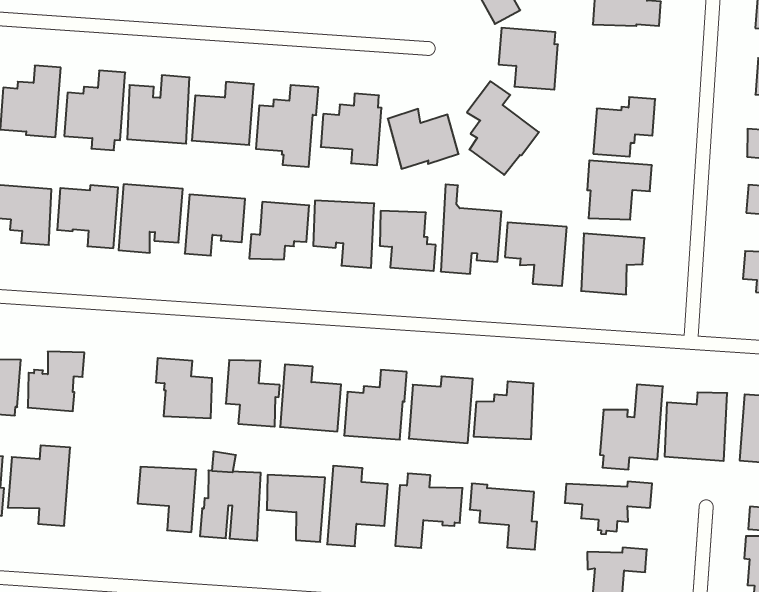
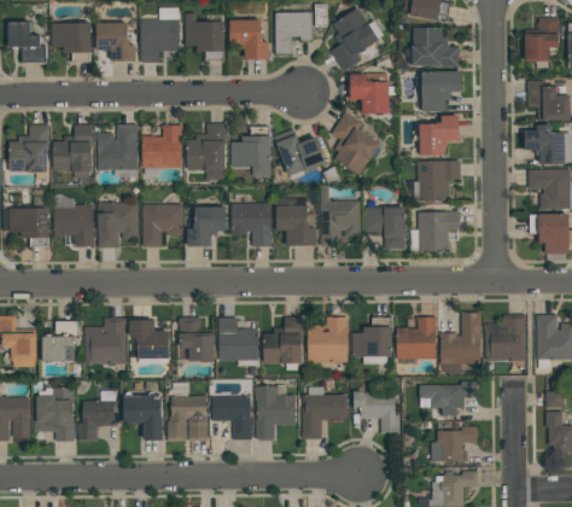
building: none -> [421,70,462,111]
building: none -> [84,317,127,365]
building: none -> [397,317,437,359]
building: none -> [80,390,121,441]

